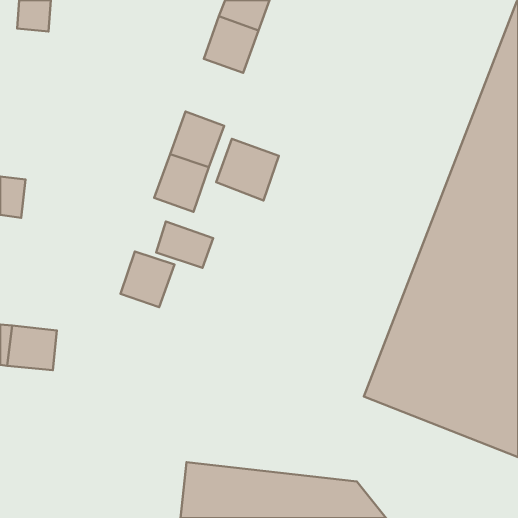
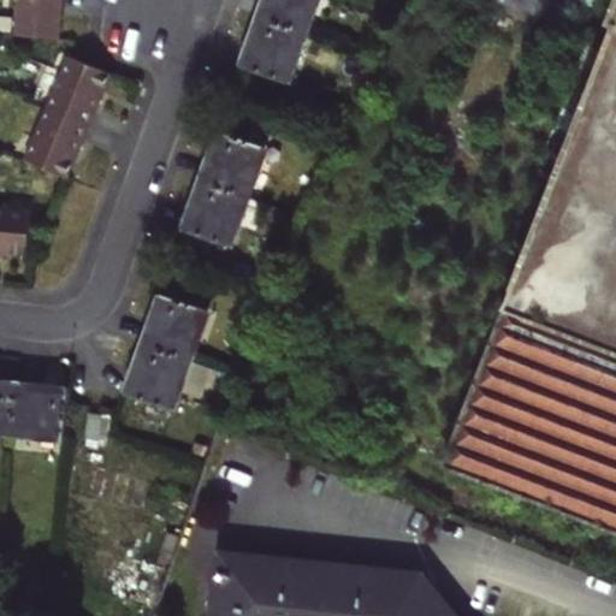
building: none -> [25,58,111,180]
building: [216,139,279,201] -> none
building: [156,222,213,268] -> none
building: none -> [125,349,189,415]

